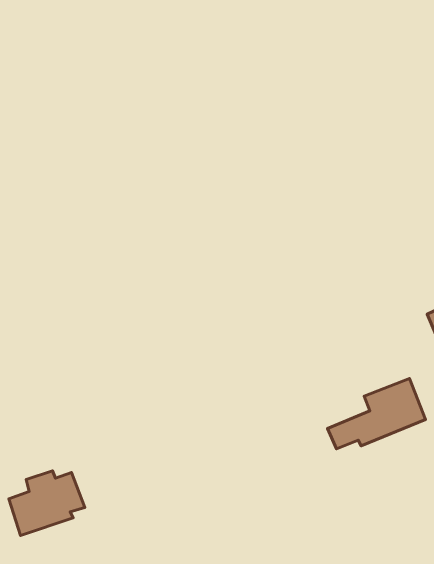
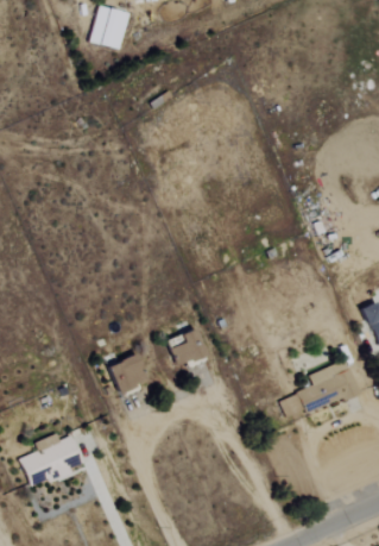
building: none -> [170,328,206,365]
building: none -> [108,352,149,391]

